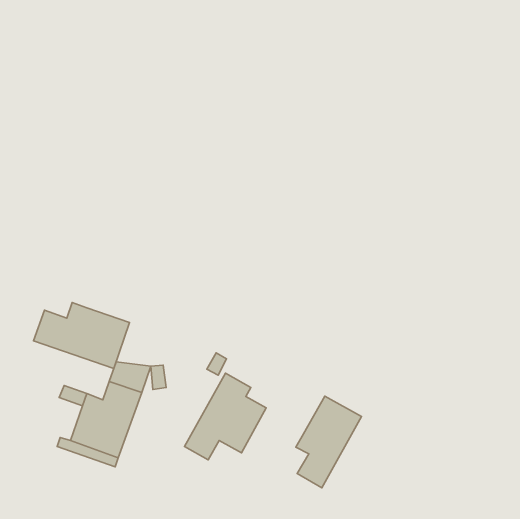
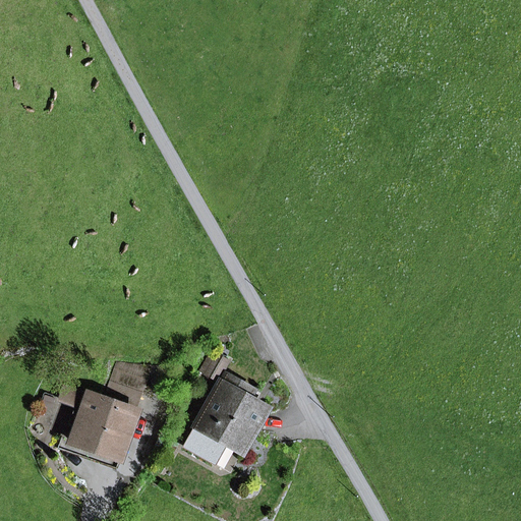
building: [33,302,129,369] -> none
building: [296,396,362,488] -> none

